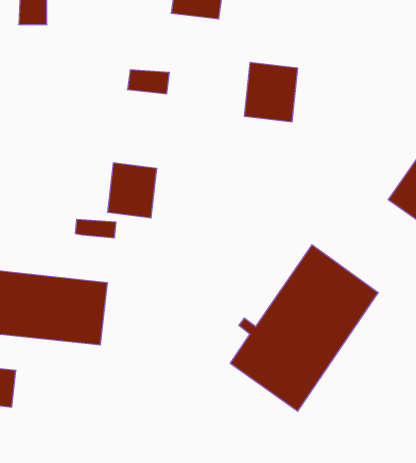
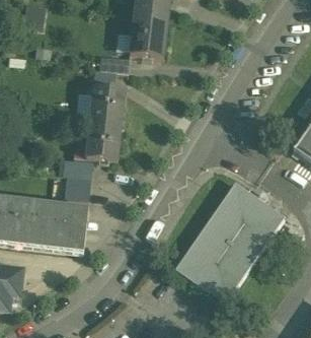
building: [244,62,298,122] -> [130,14,168,57]
building: none -> [92,87,127,126]
building: none -> [68,174,93,199]

